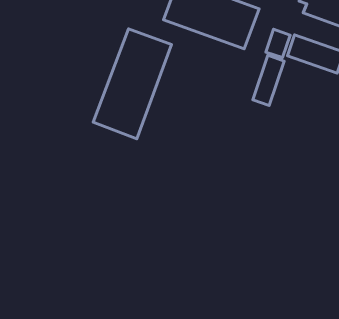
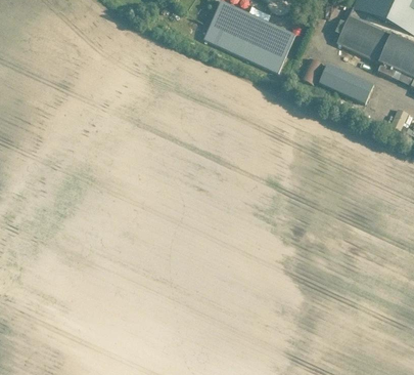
building: [93,29,172,139] -> none
building: [253,55,284,106] -> none

